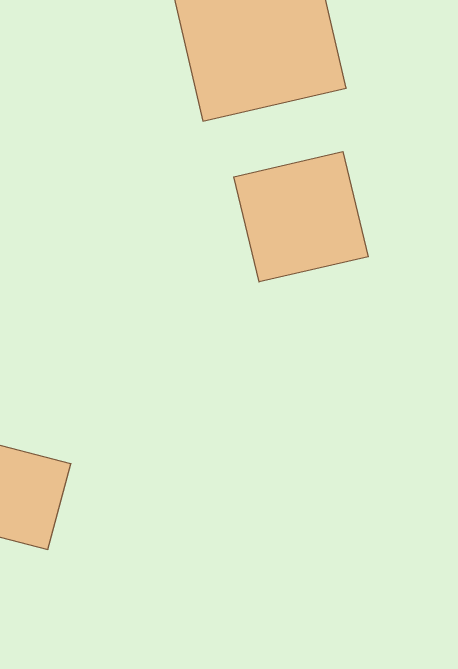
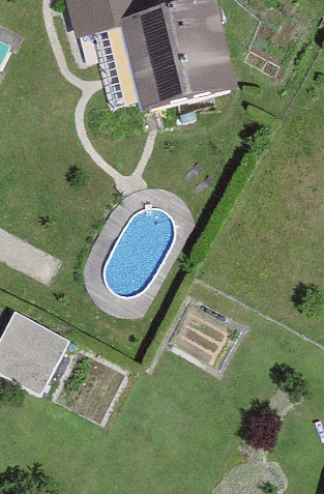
building: [234,152,368,282] -> none

